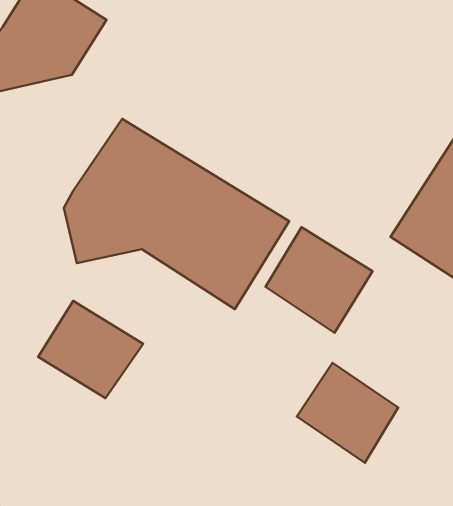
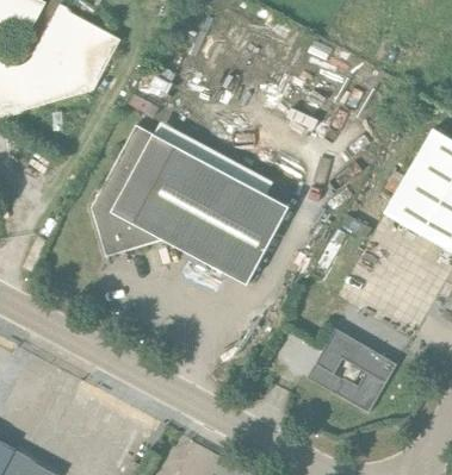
building: [265,227,372,333] -> none
building: [38,301,143,398] -> none

